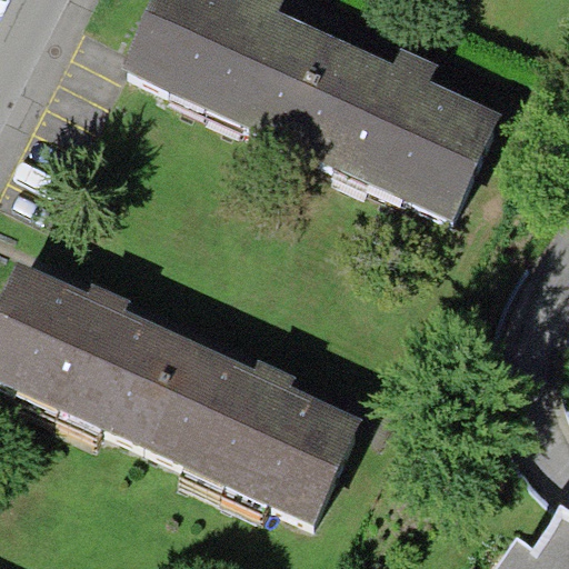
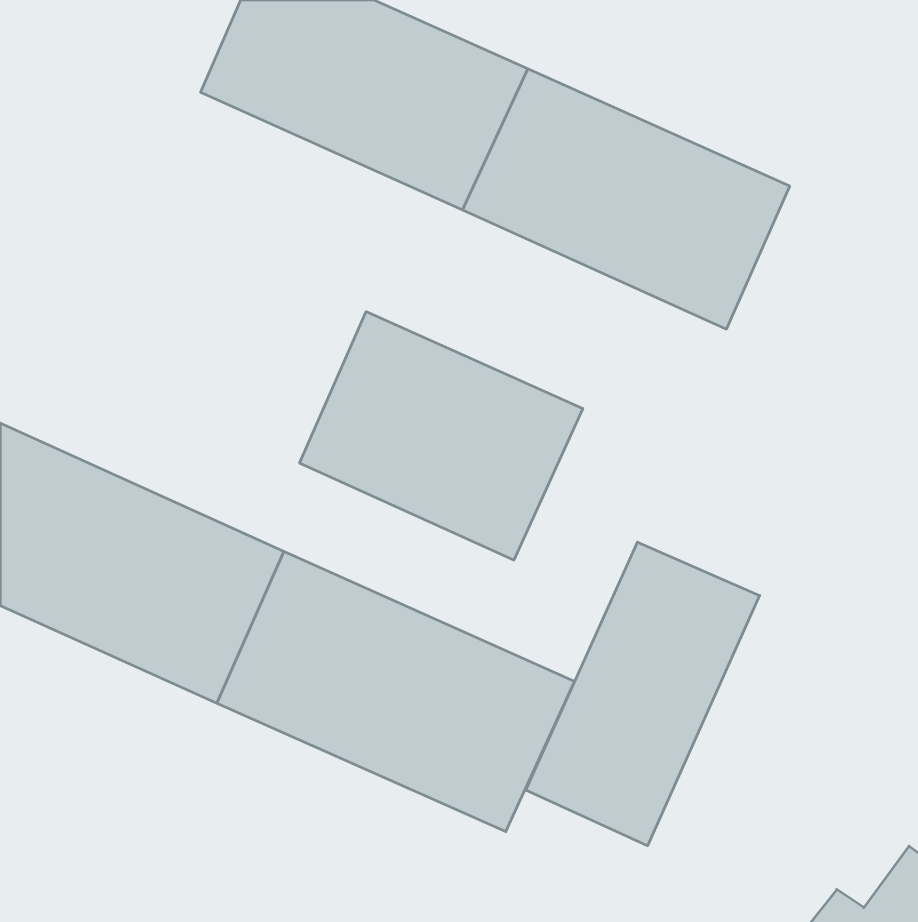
building: none -> [300,312,583,560]
building: none -> [526,542,760,846]

